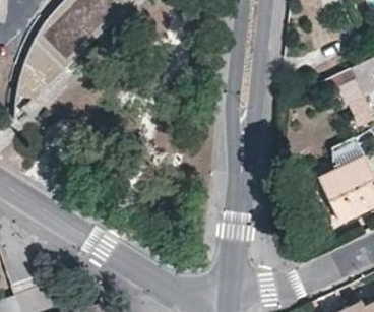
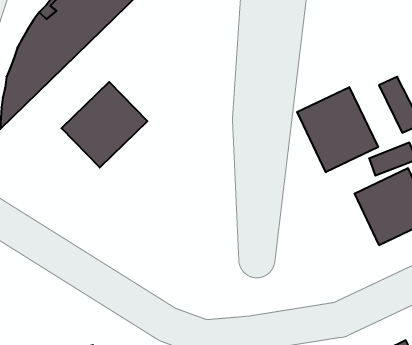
building: none -> [61,82,147,168]
building: none -> [297,87,378,172]

